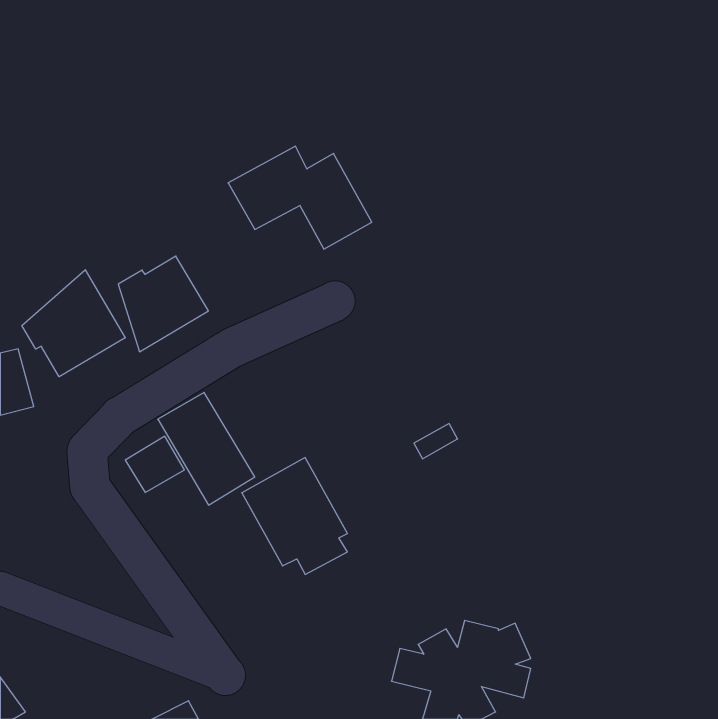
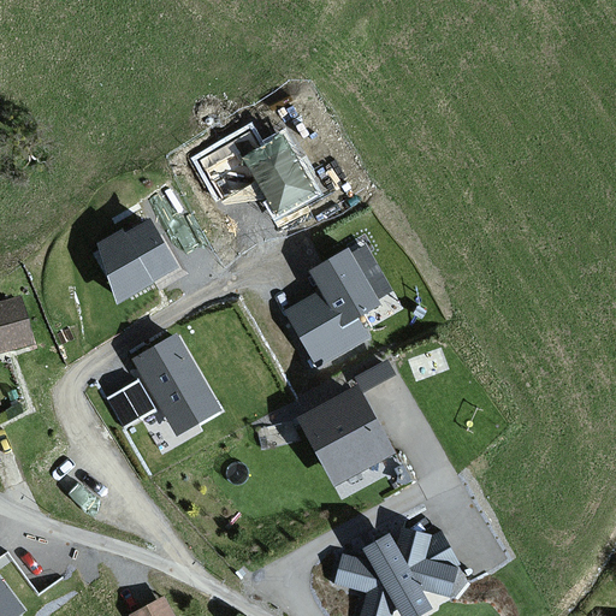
building: [22,270,125,377] -> none
building: none -> [289,249,380,361]
building: [242,458,347,574] -> [295,391,385,491]

